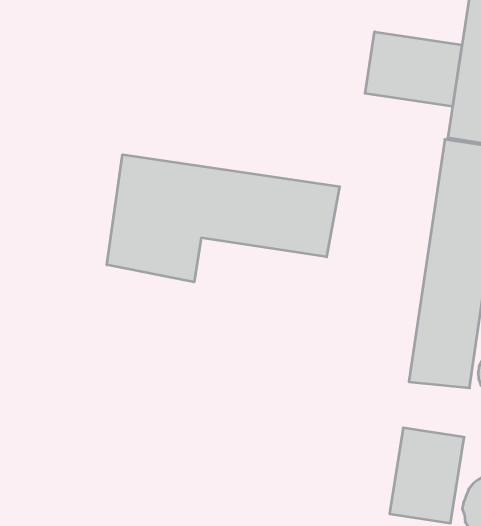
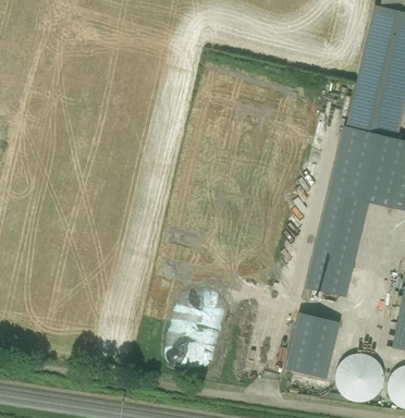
building: [365,32,462,106] -> none
building: [107,155,340,282] -> none

